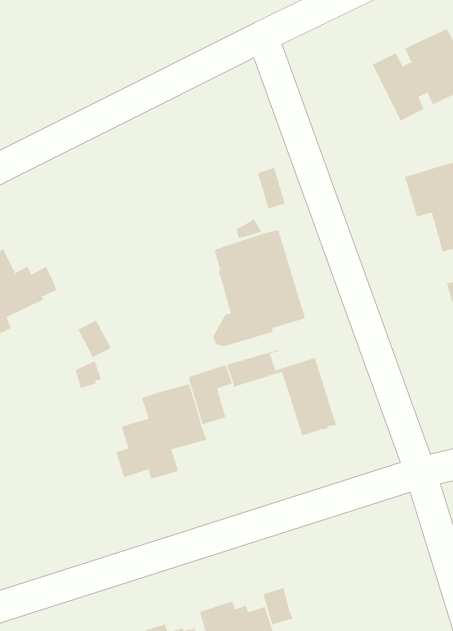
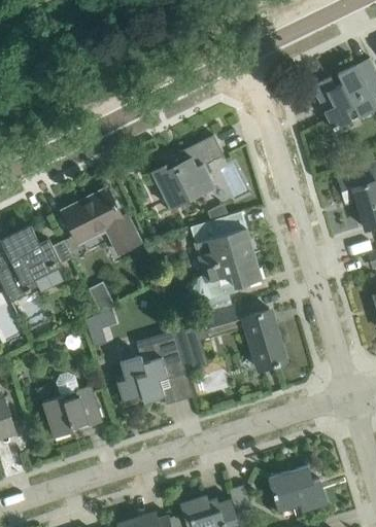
building: none -> [151,136,224,201]
building: none -> [62,189,138,248]
building: none -> [42,374,102,438]
building: none -> [268,466,328,514]

